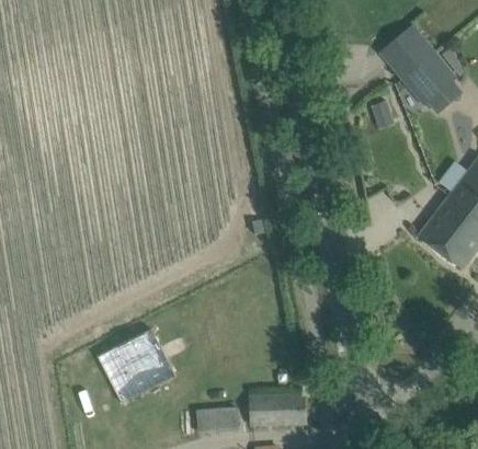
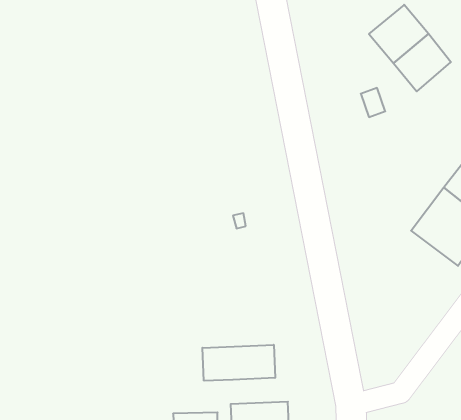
building: [98,327,175,404] -> none
building: none -> [202,345,275,381]

